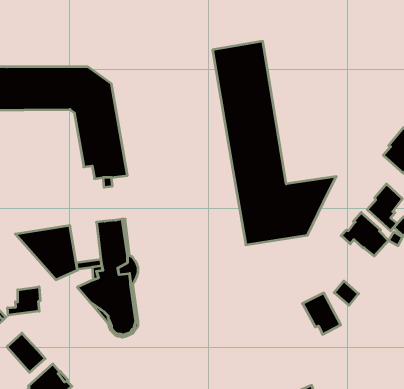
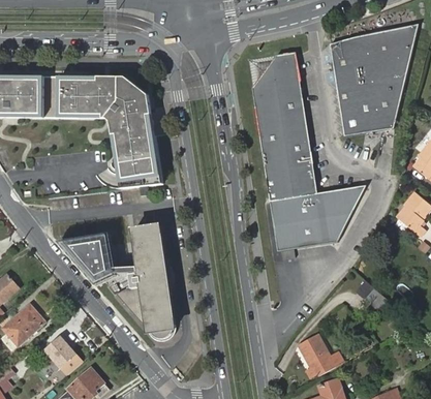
building: none -> [328,24,417,136]
building: [341,212,389,256] -> none
building: [8,287,40,315] -> none
building: [302,293,341,334] -> [301,334,338,374]

